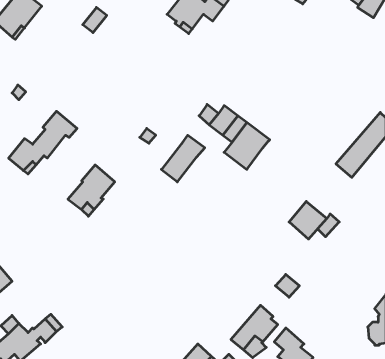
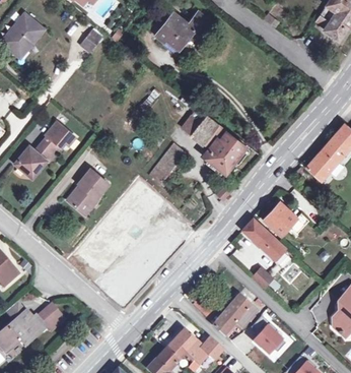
building: none -> [242,219,284,259]

